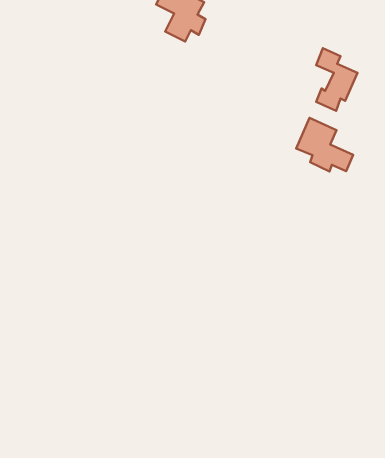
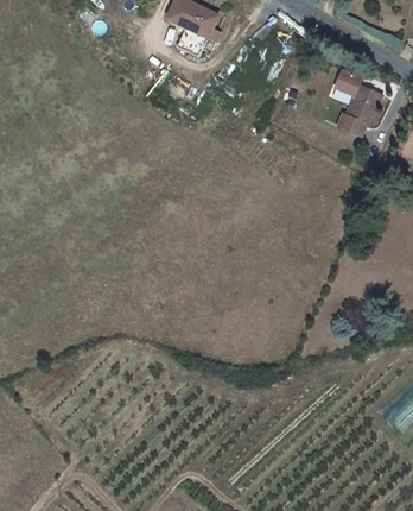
building: [296,118,353,171] -> none

